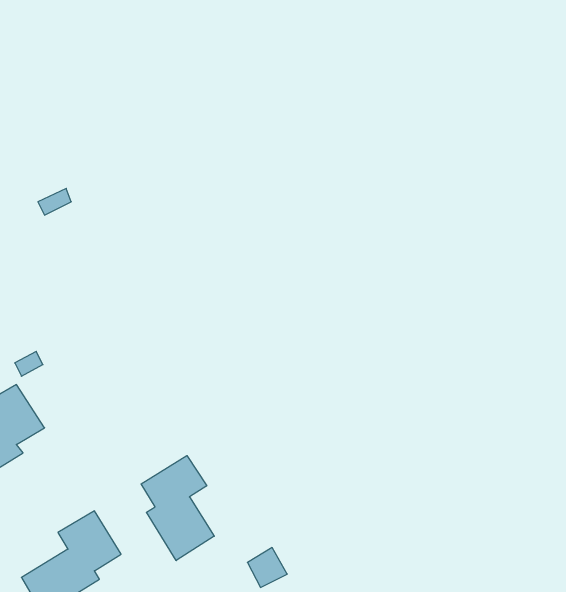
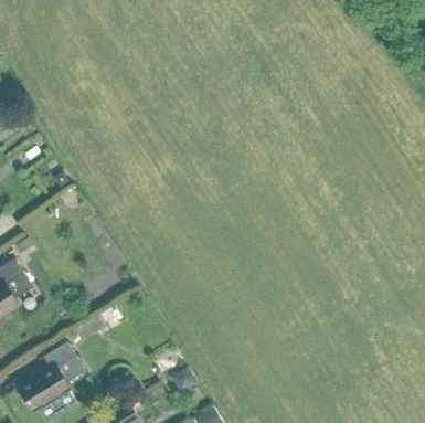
building: [141,456,214,561] -> none

